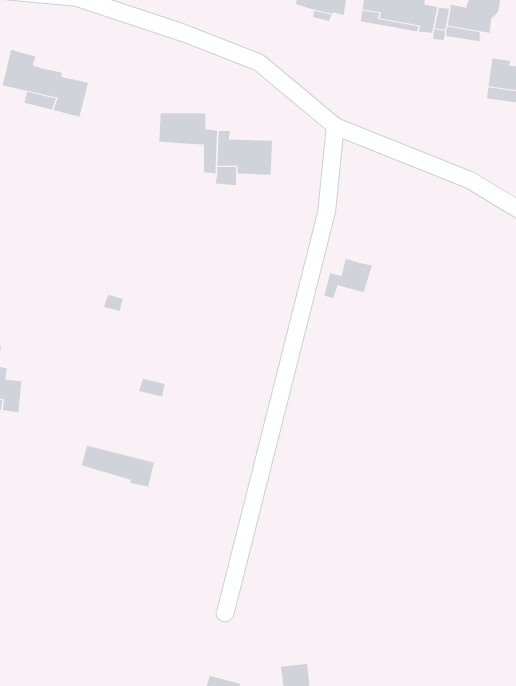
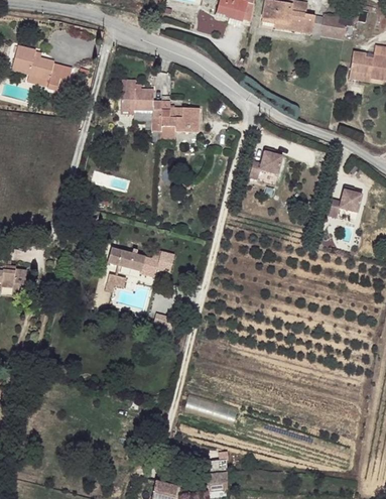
building: none -> [329,189,362,217]
building: [324,258,373,299] -> [249,150,283,178]
building: [81,445,155,487] -> [108,247,159,276]

